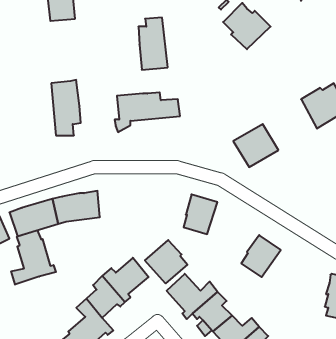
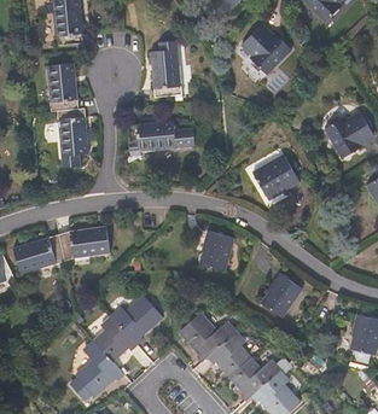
building: none -> [47,63,78,111]
building: [11,230,56,285] -> none
building: [145,240,187,283] -> none

